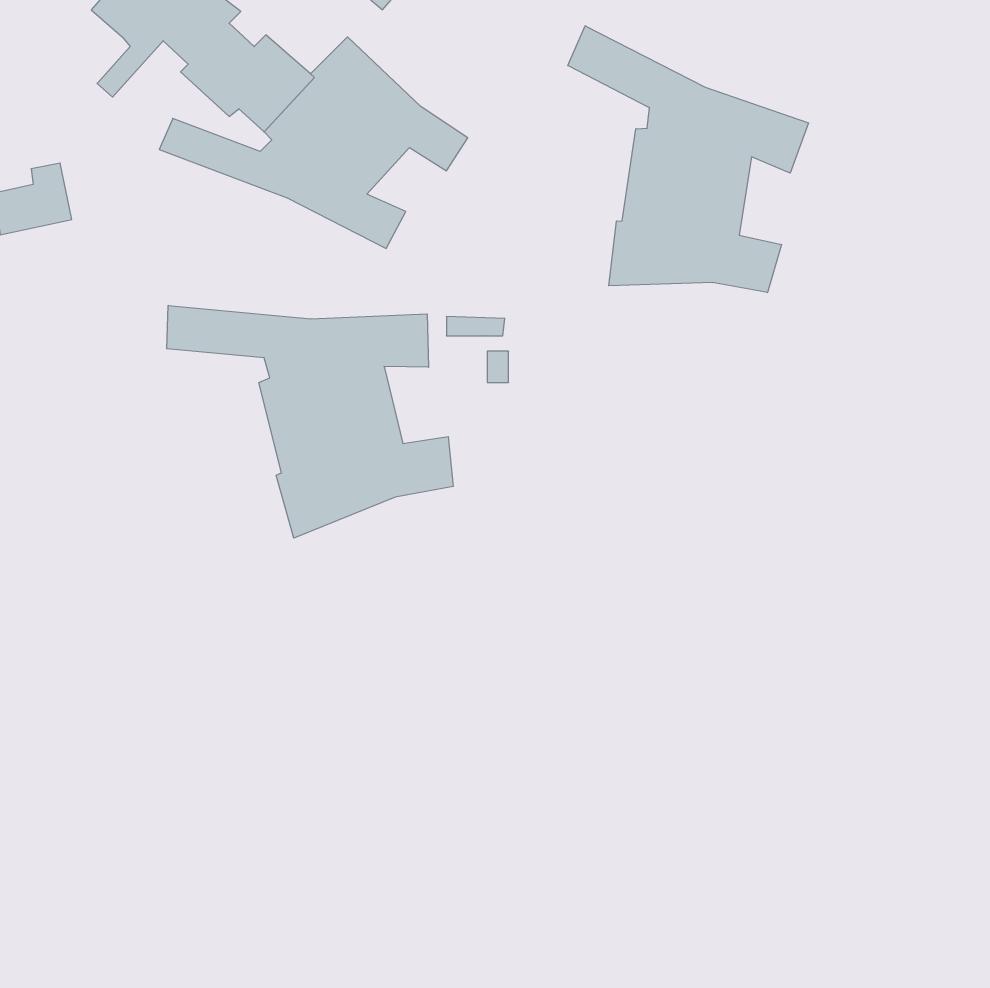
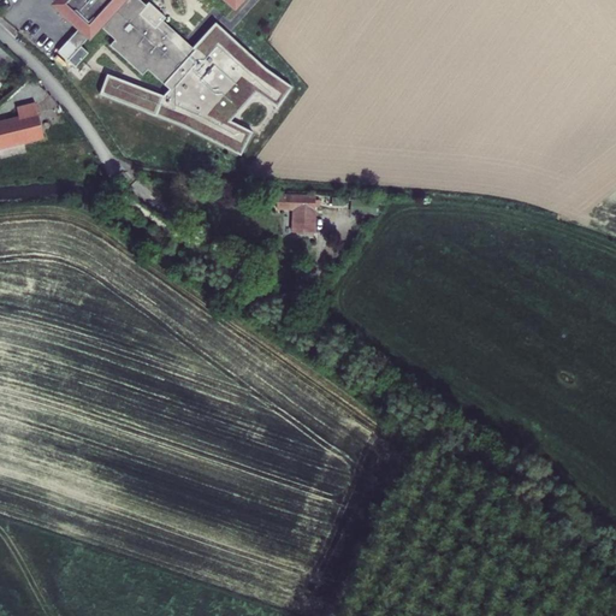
building: [568,26,809,293] -> none
building: [167,305,453,538] -> none

